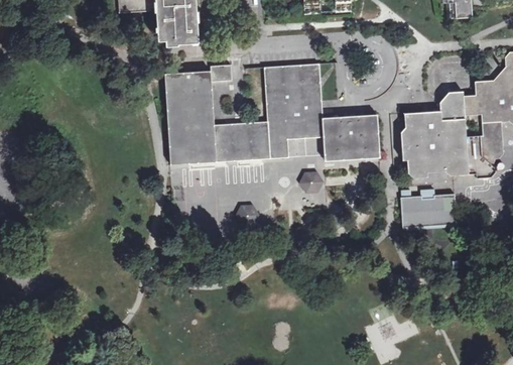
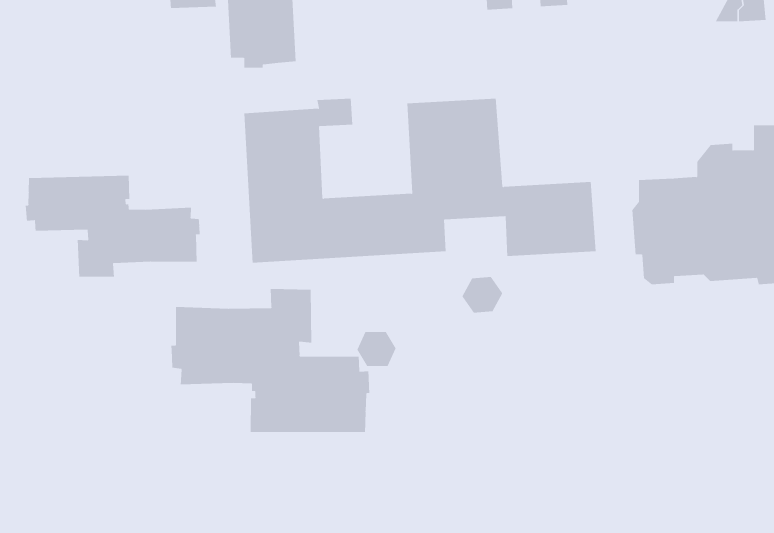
building: none -> [25,175,200,277]
building: none -> [171,288,370,433]
building: [400,193,455,224] -> none

